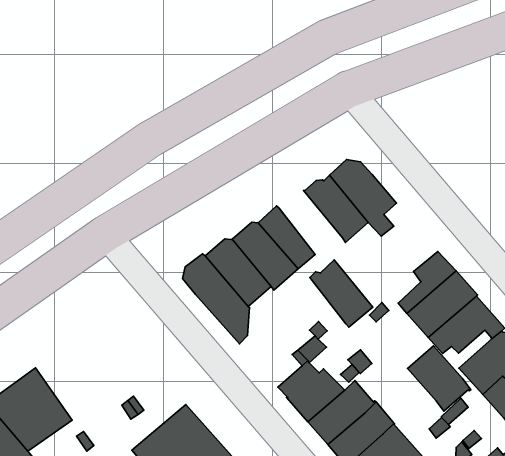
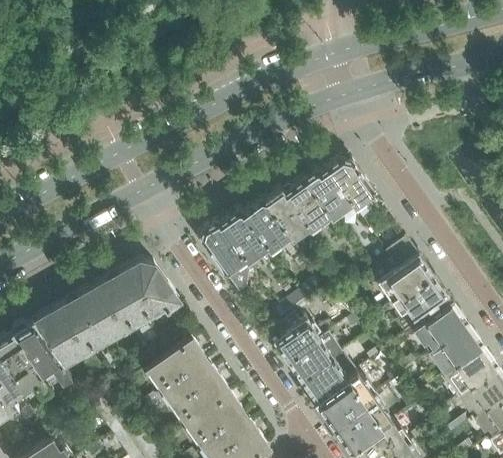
building: [310,260,373,327] -> [285,181,333,236]
building: none -> [77,264,182,345]
building: [407,346,471,411] -> none

